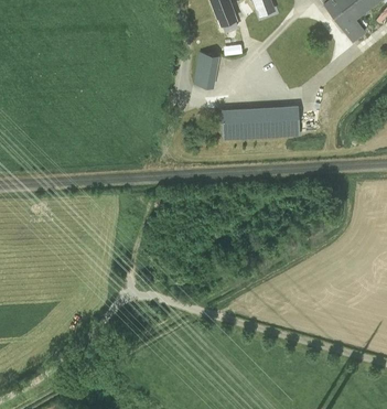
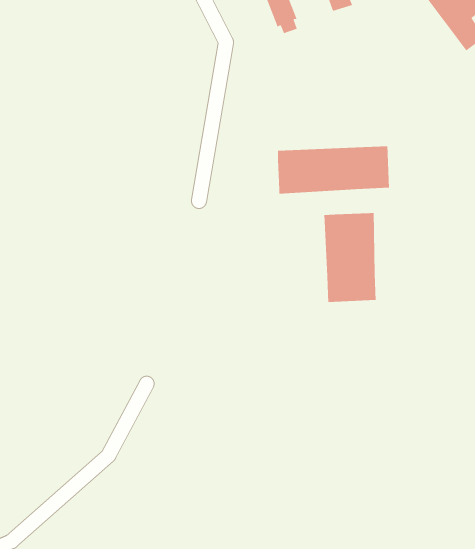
building: [194,53,219,88] -> none
building: none -> [324,212,376,303]

